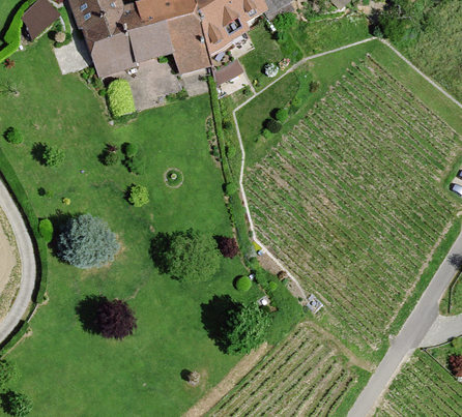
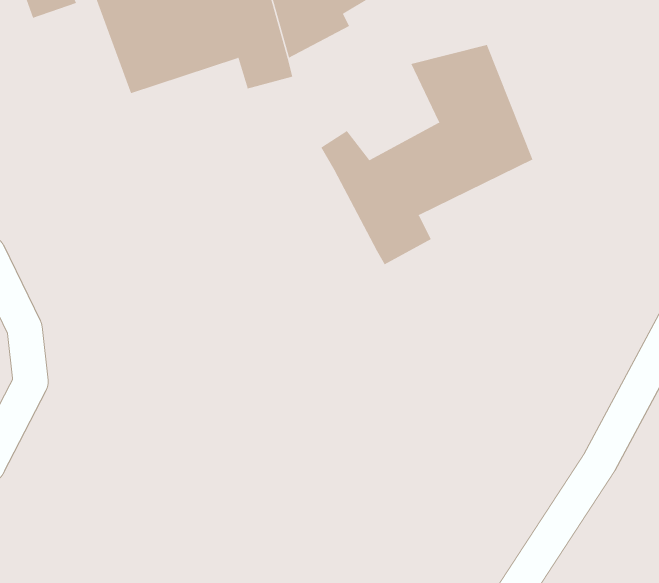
building: none -> [321,44,533,265]

